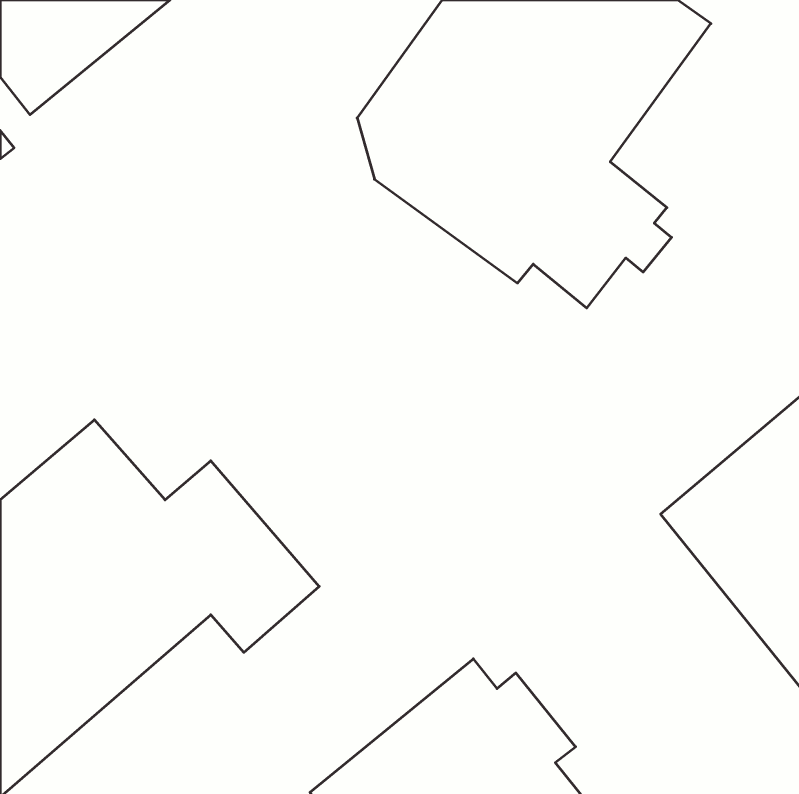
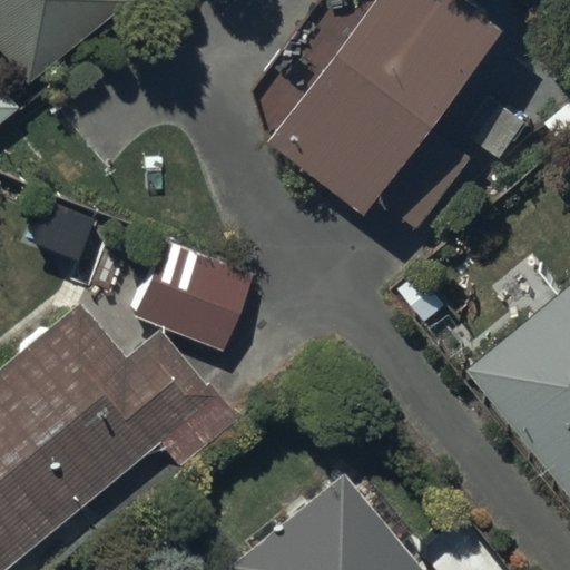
building: none -> [128,243,246,353]

